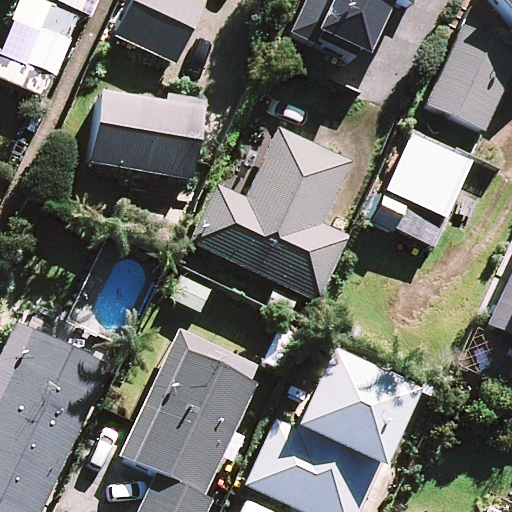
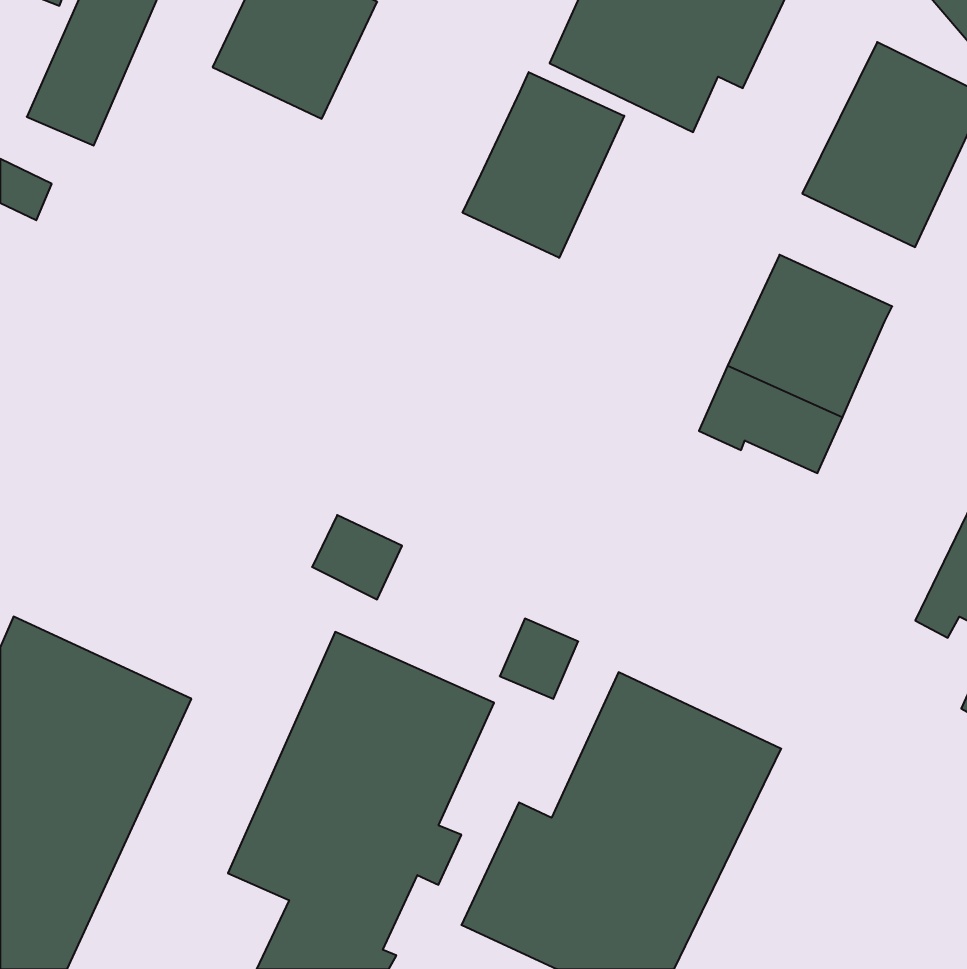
building: none -> [463,72,624,258]
building: [90,93,201,177] -> none
building: [190,127,351,315] -> none

